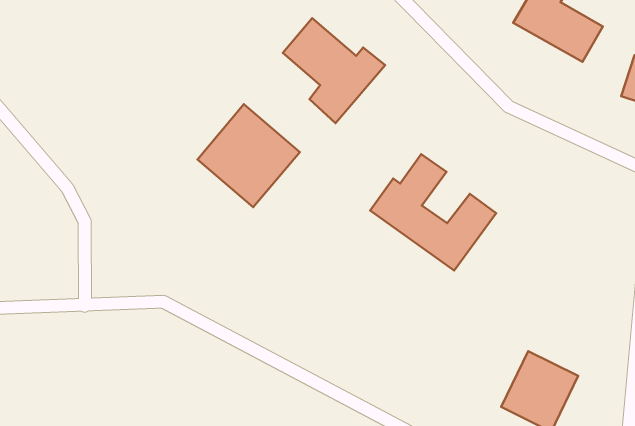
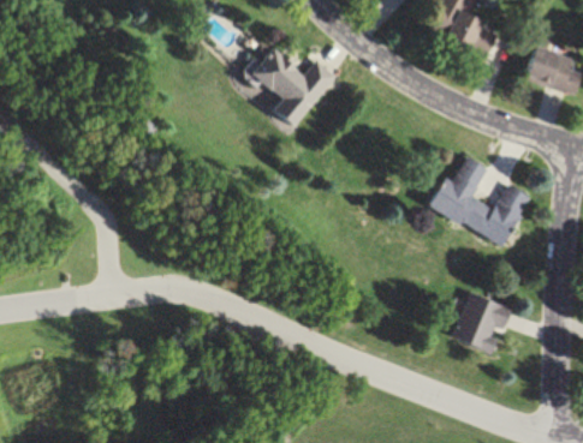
building: [198,104,300,207] -> none
building: [370,154,496,271] -> [429,157,530,247]

